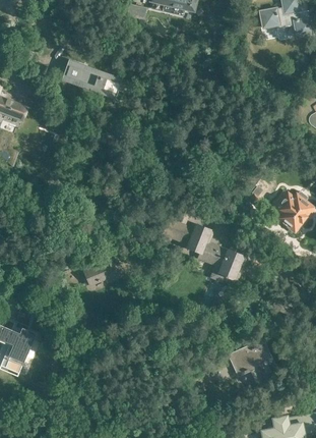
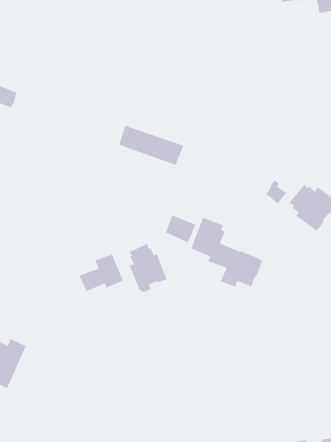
building: [63,61,122,98] -> [118,125,184,166]
building: none -> [128,243,167,294]
building: [228,335,273,384] -> none

